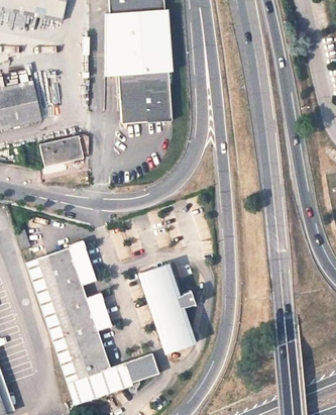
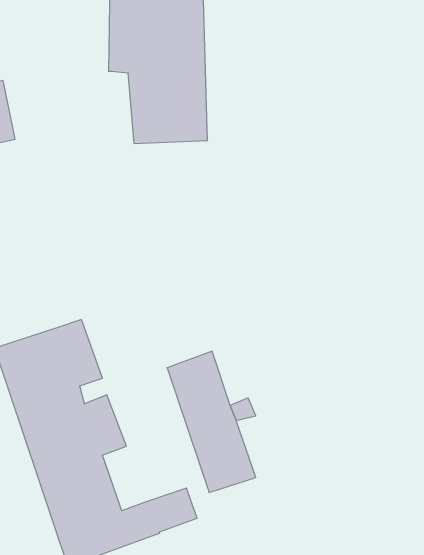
building: [38,135,83,166] -> none

